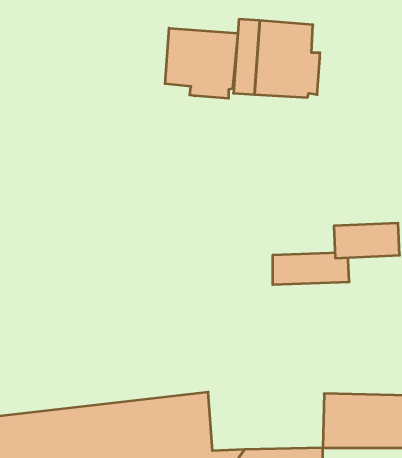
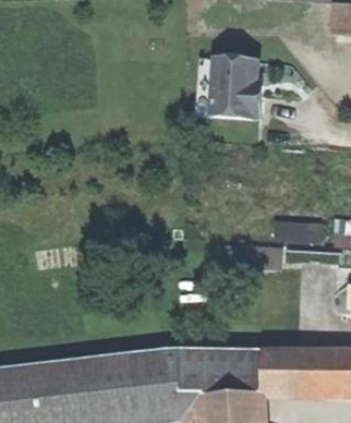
building: [165,28,238,98] -> none
building: none -> [175,347,266,392]

